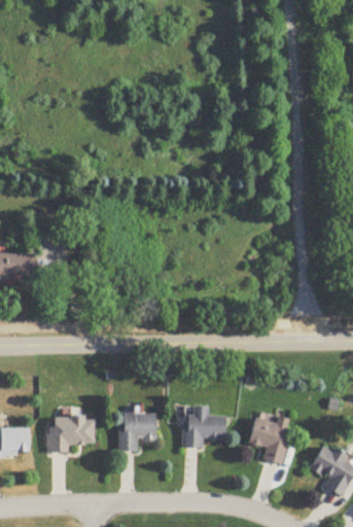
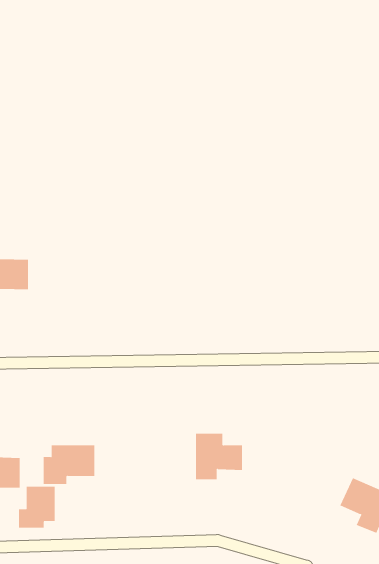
building: [118,413,154,451] -> none
building: [249,413,290,463] -> none
building: none -> [19,486,55,529]

